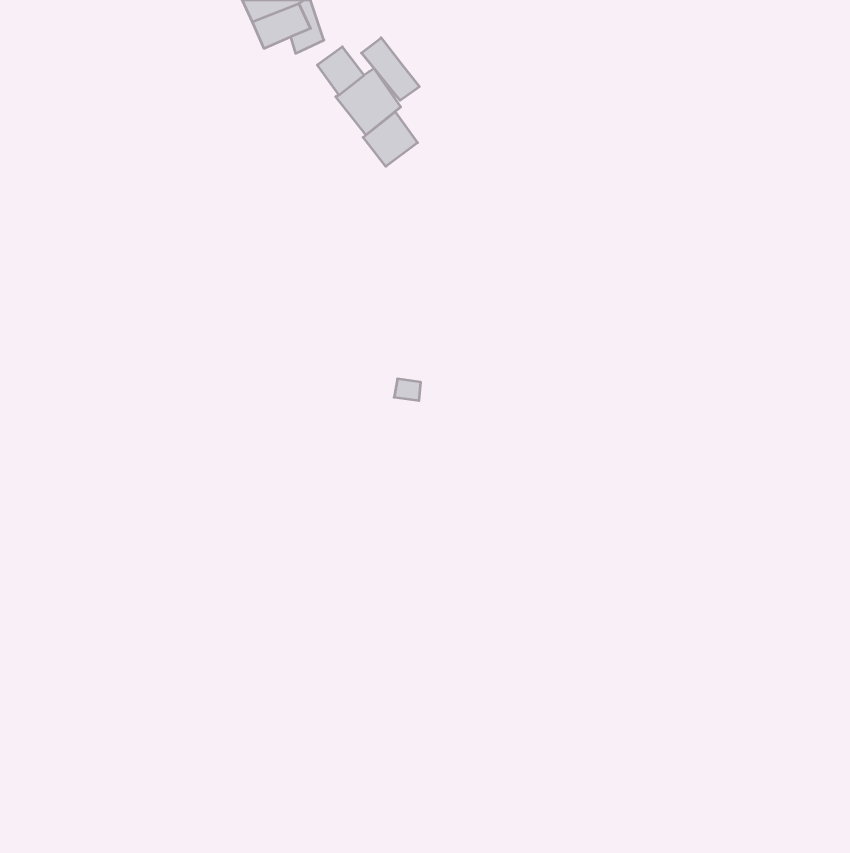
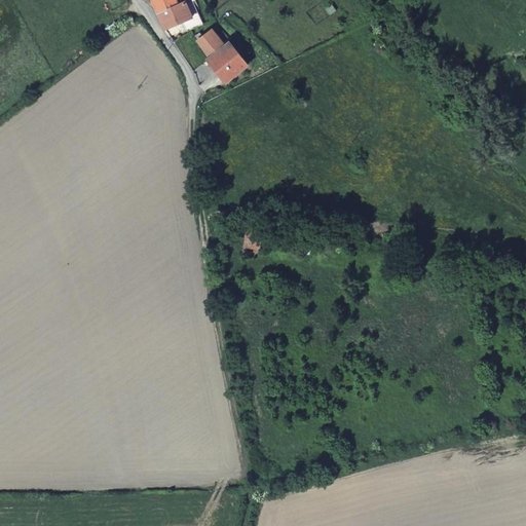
building: [361,38,419,100] -> none
building: [363,112,418,166] -> none

